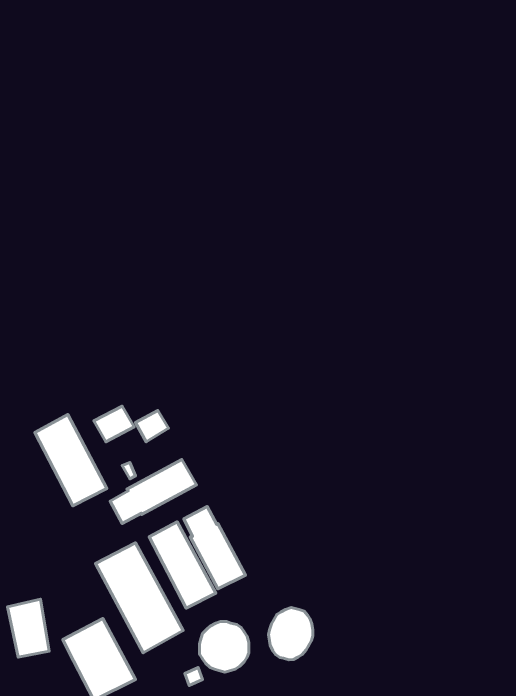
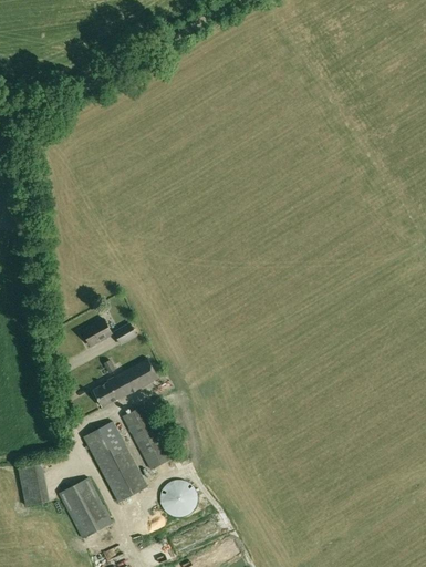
building: [35,414,107,506] -> none
building: [184,506,245,589] -> none
building: [268,608,313,660] -> none

